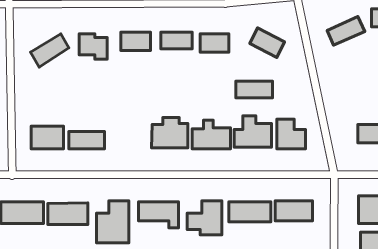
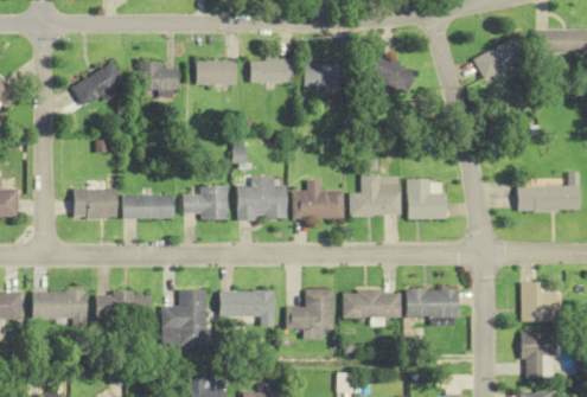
building: [236,81,272,98] -> none
building: none -> [184,186,229,219]

